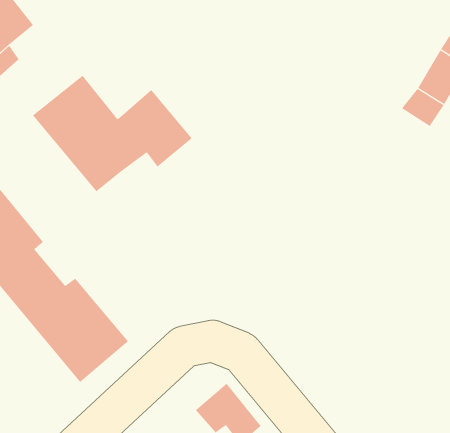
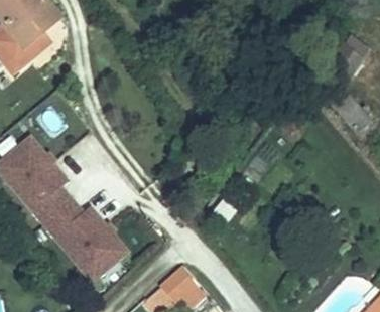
building: [32,75,193,192] -> none

